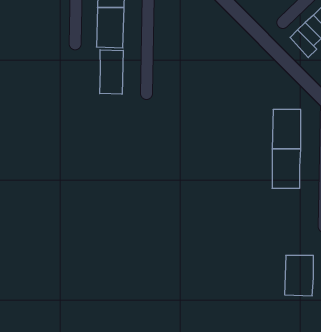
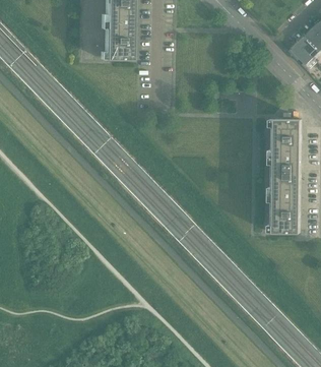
building: [100,50,123,94] -> none
building: [285,255,313,296] -> [271,193,299,232]

